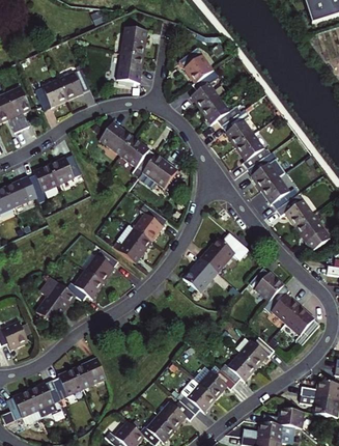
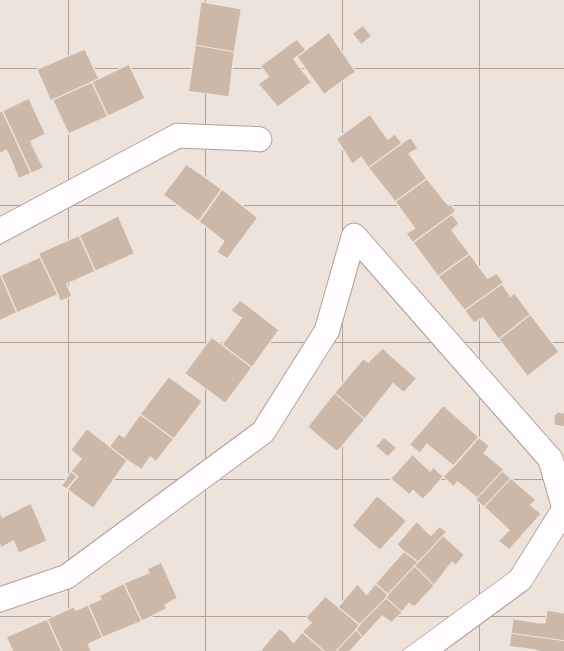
building: none -> [37,49,99,101]
building: [188,68,219,108] -> [258,39,312,107]
building: [136,154,175,188] -> none
building: none -> [391,455,443,499]
building: none -> [352,496,407,551]

